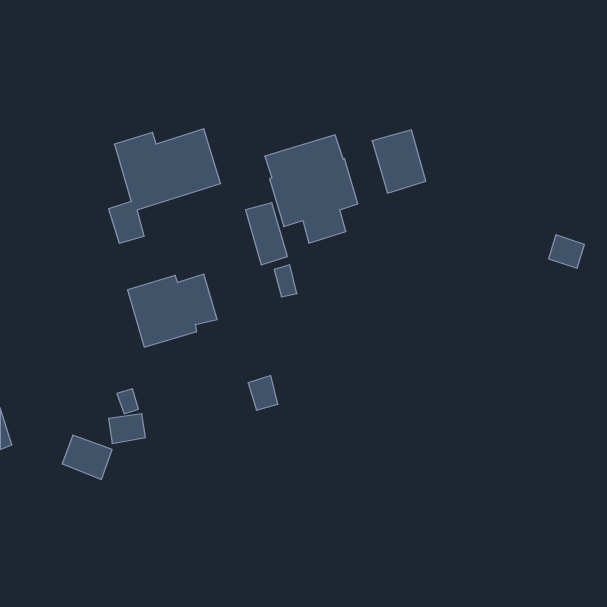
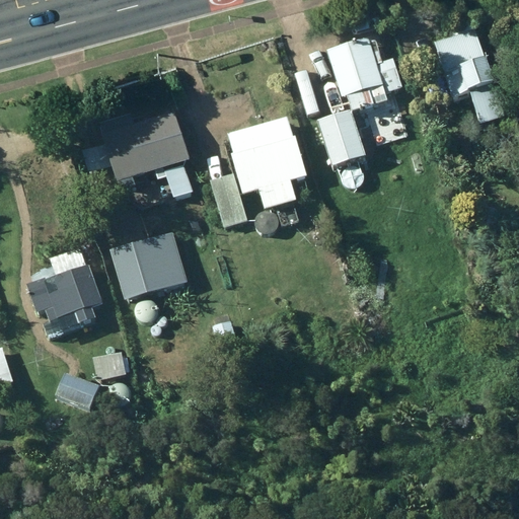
building: none -> [426,28,503,125]
building: none -> [326,36,401,112]
building: none -> [27,264,102,336]

